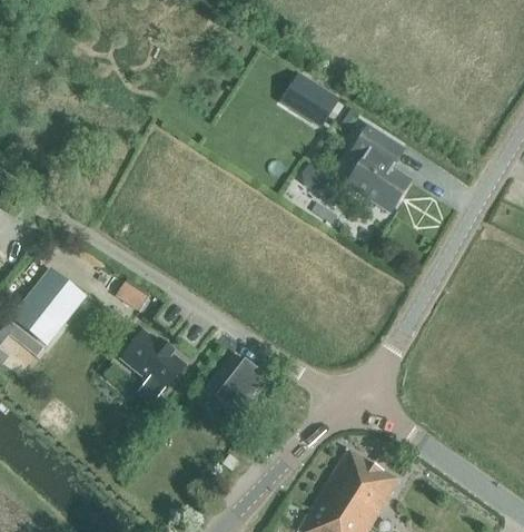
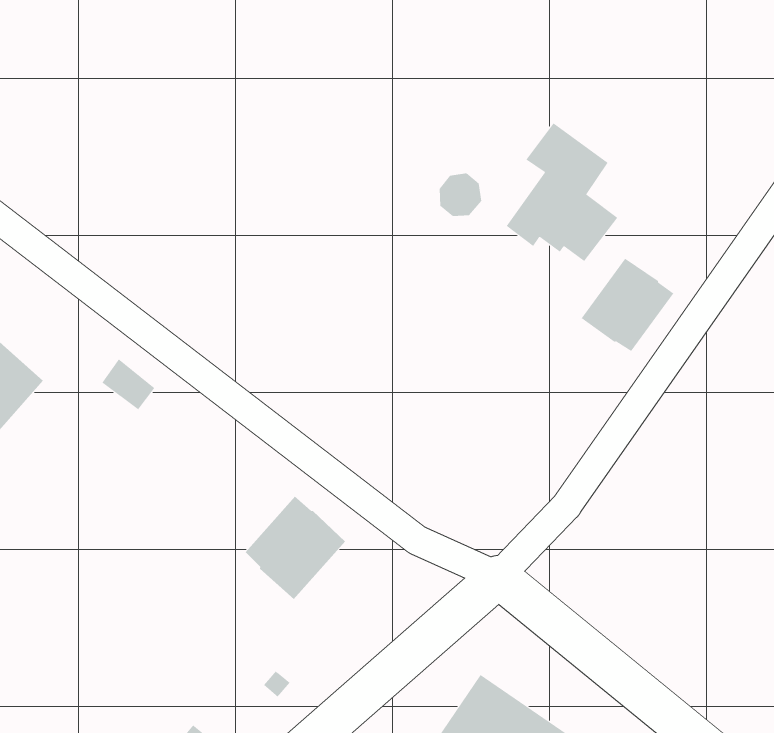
building: [288,76,336,116] -> none
building: none -> [581,258,674,352]
building: [121,332,186,402] -> none

